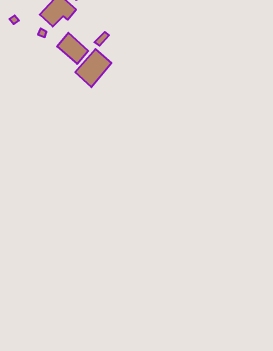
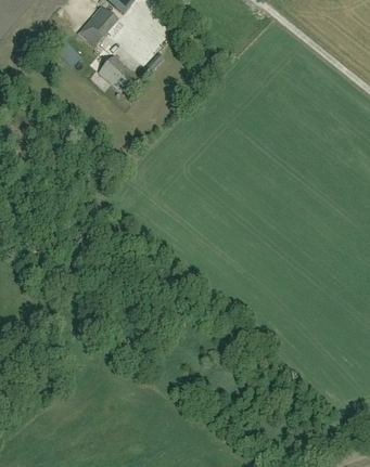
building: [75,49,111,87] -> none

